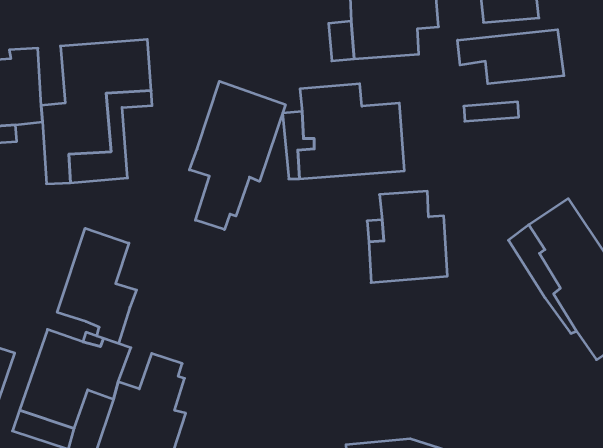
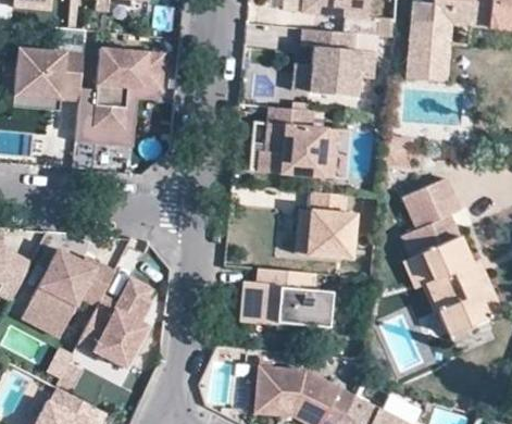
building: [458,30,564,84] -> none
building: [189,81,285,230] -> none
building: none -> [400,179,457,230]
building: [57,228,137,343] -> none
building: none -> [237,269,325,326]

